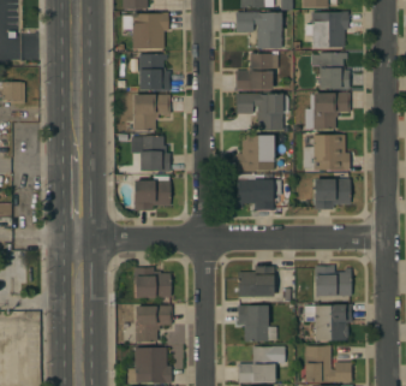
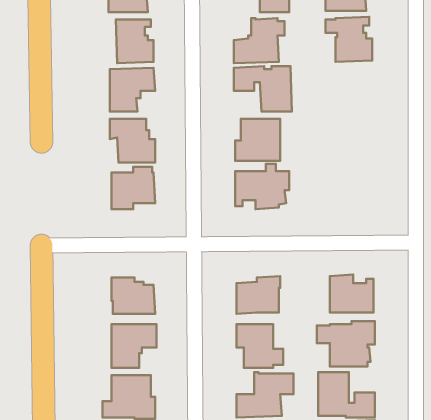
building: [314,93,350,129] -> none
building: [303,135,350,171] -> none
building: [314,179,350,209] -> none

